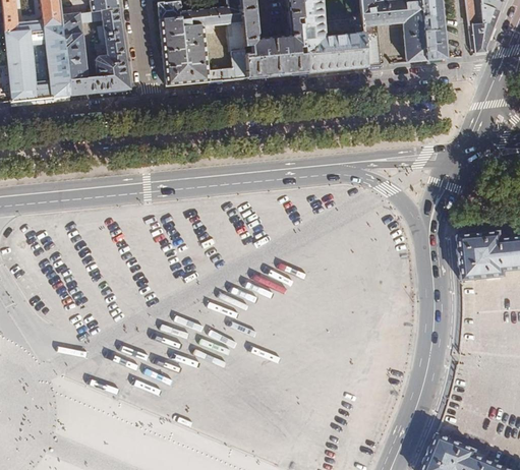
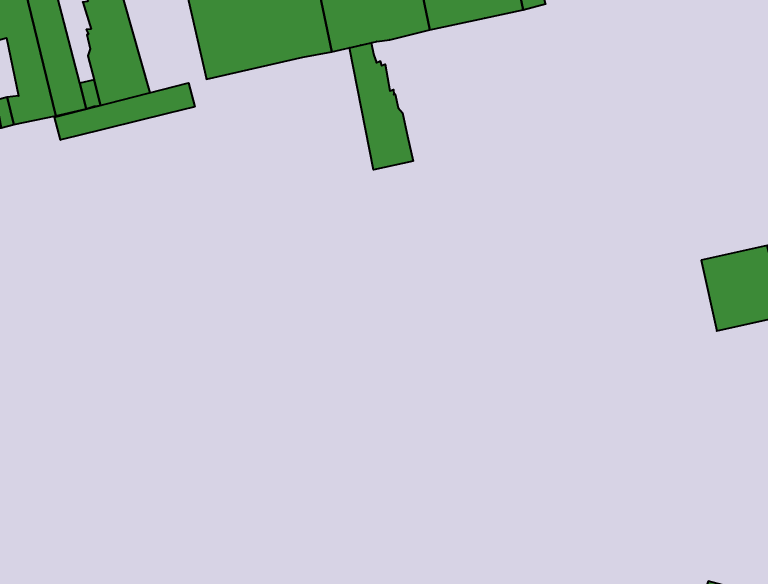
building: none -> [350,43,413,170]
building: none -> [55,83,195,140]

